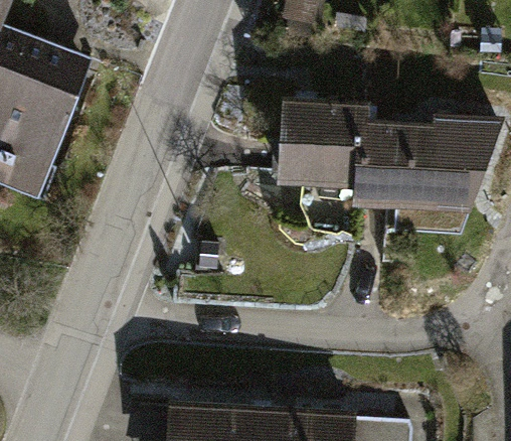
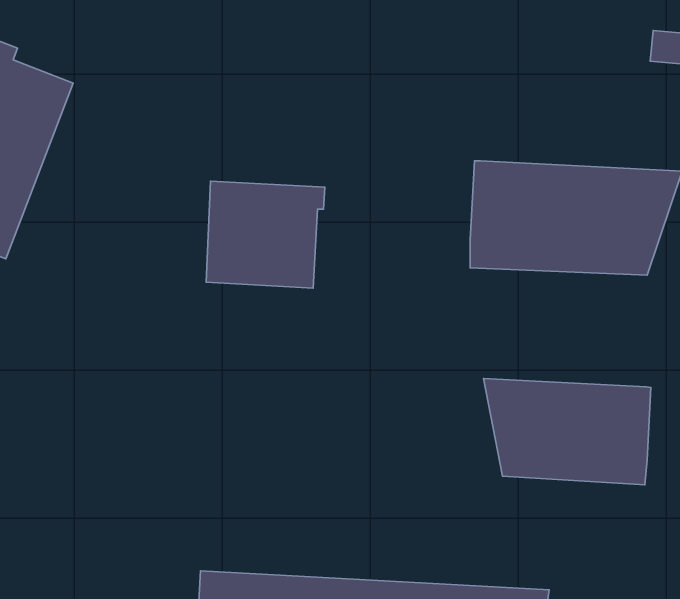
building: [283,106,364,179] -> [206,181,325,288]
building: none -> [484,379,651,485]

